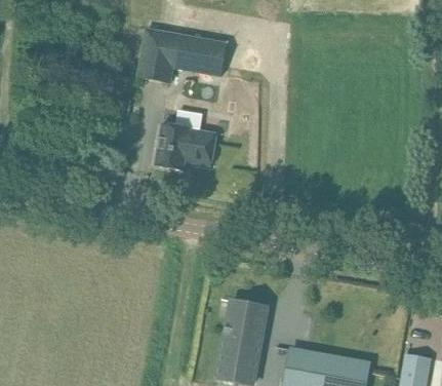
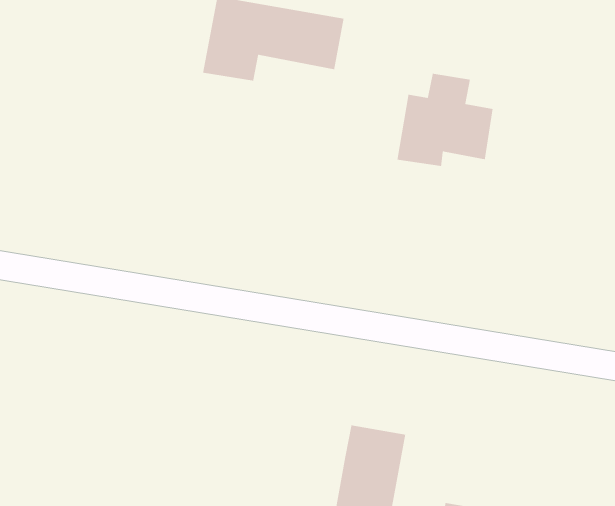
building: [155,110,216,169] -> [396,73,494,167]

